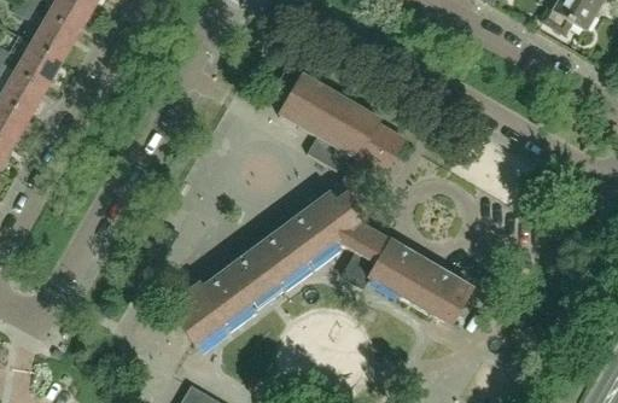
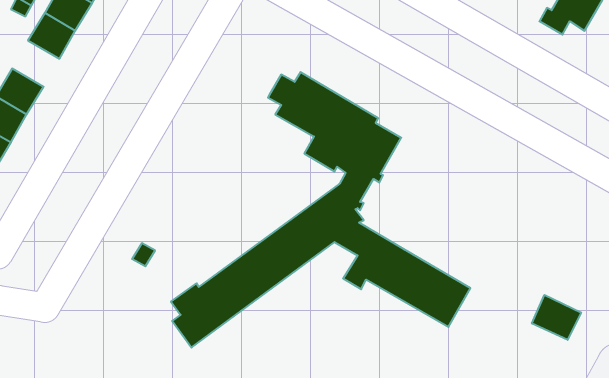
building: [14,41,62,87] -> none
building: none -> [532,295,581,340]

